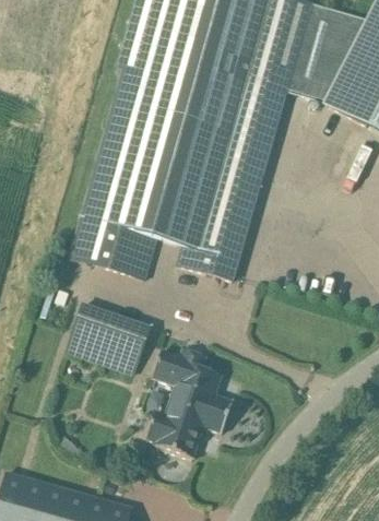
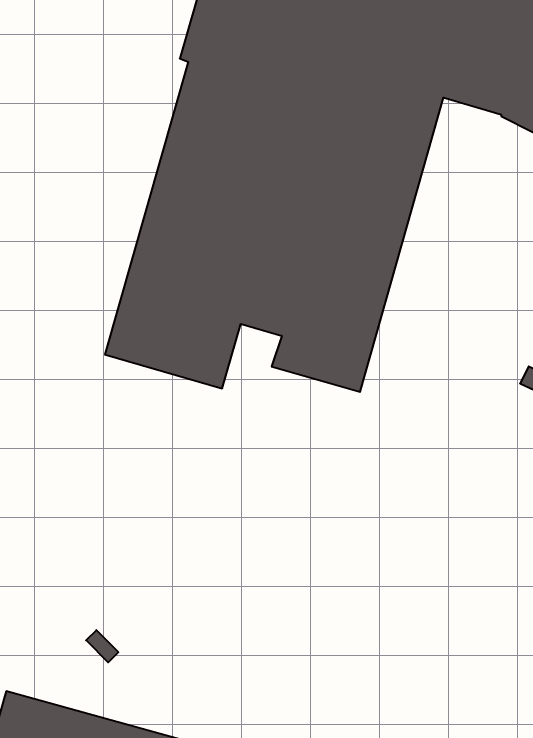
building: [66,300,151,374] -> none
building: [145,350,233,458] -> none

